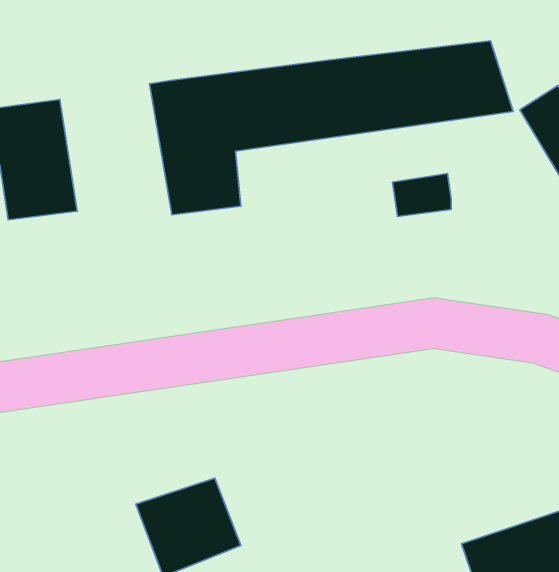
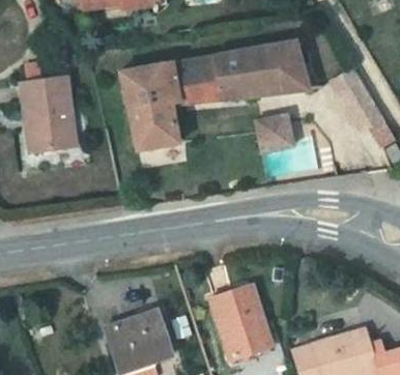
building: none -> [215,281,283,359]

